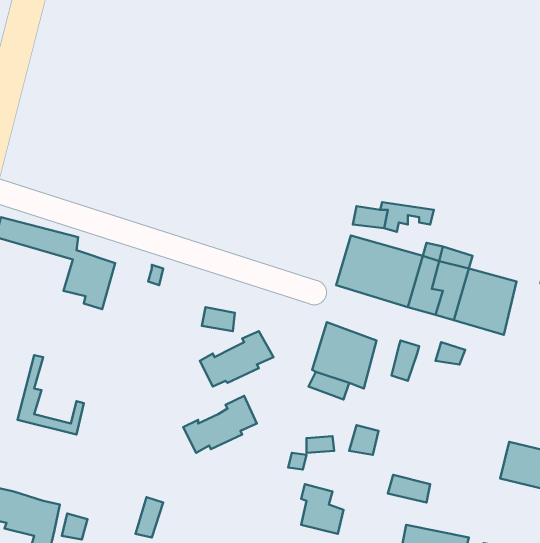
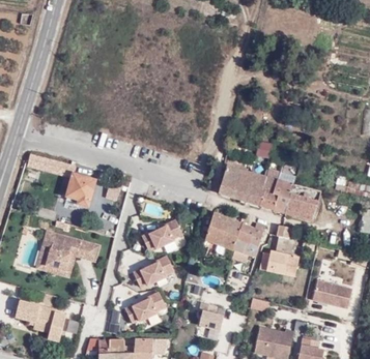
building: none -> [234,222,259,261]
building: none -> [49,232,99,269]
building: none -> [258,250,298,277]
building: none -> [124,291,165,322]

